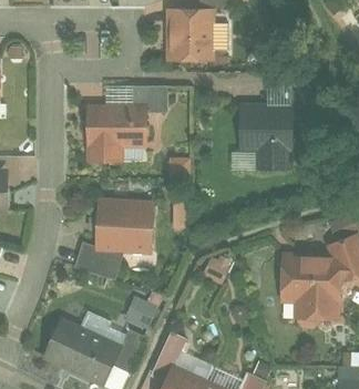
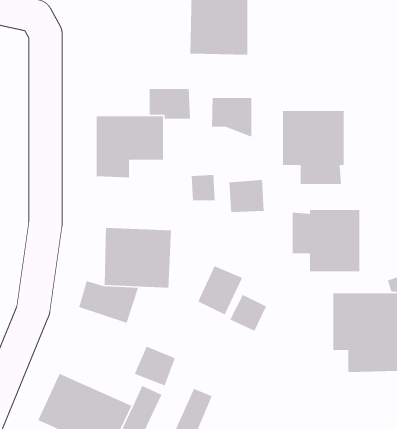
building: none -> [211,97,252,138]
building: none -> [229,179,264,213]
building: none -> [292,209,360,272]
building: none -> [197,265,243,315]

